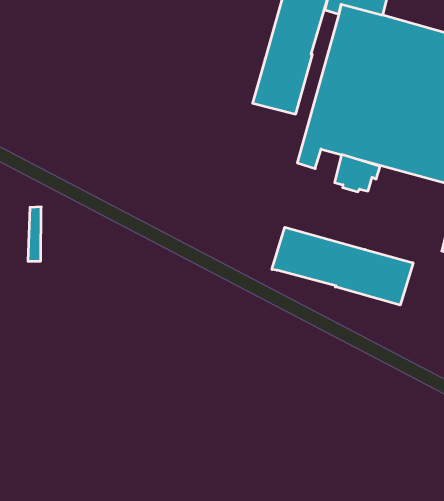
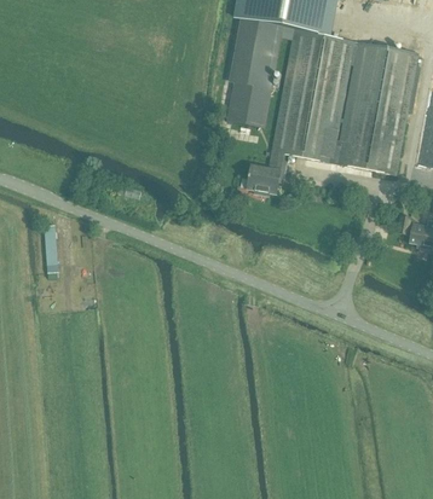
building: [335,155,380,192] -> [247,163,284,193]
building: [272,227,413,305] -> none

